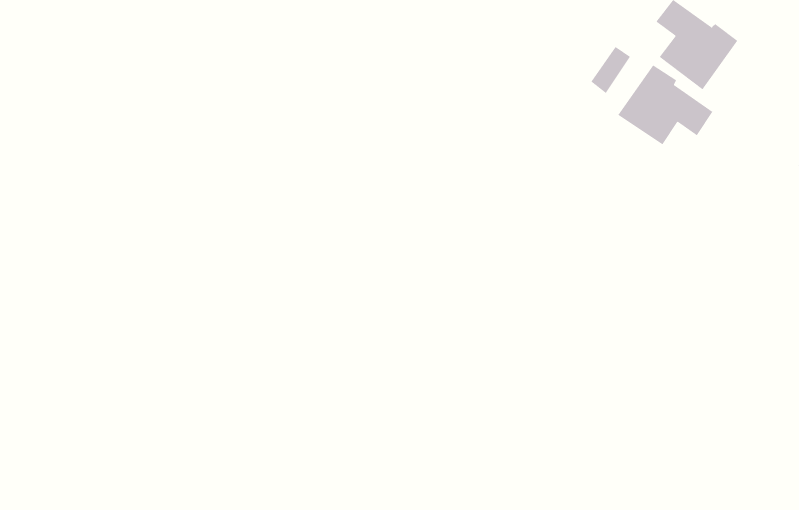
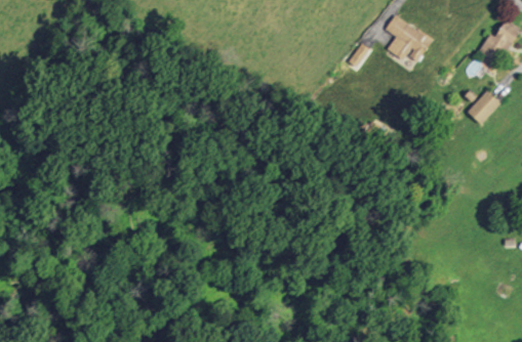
building: [617,64,713,145] -> none

